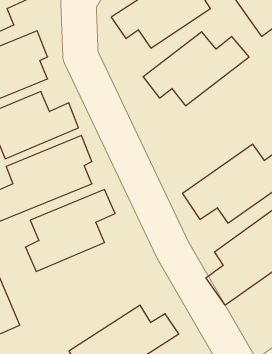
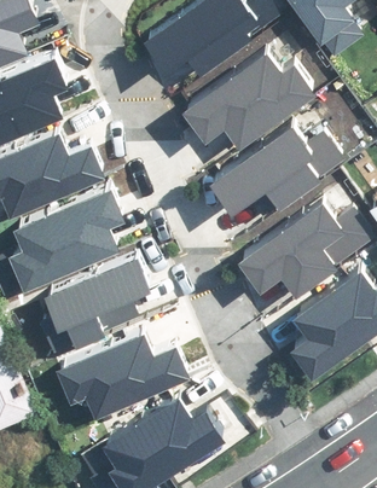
building: none -> [207,126,341,216]
building: none -> [60,332,195,417]

